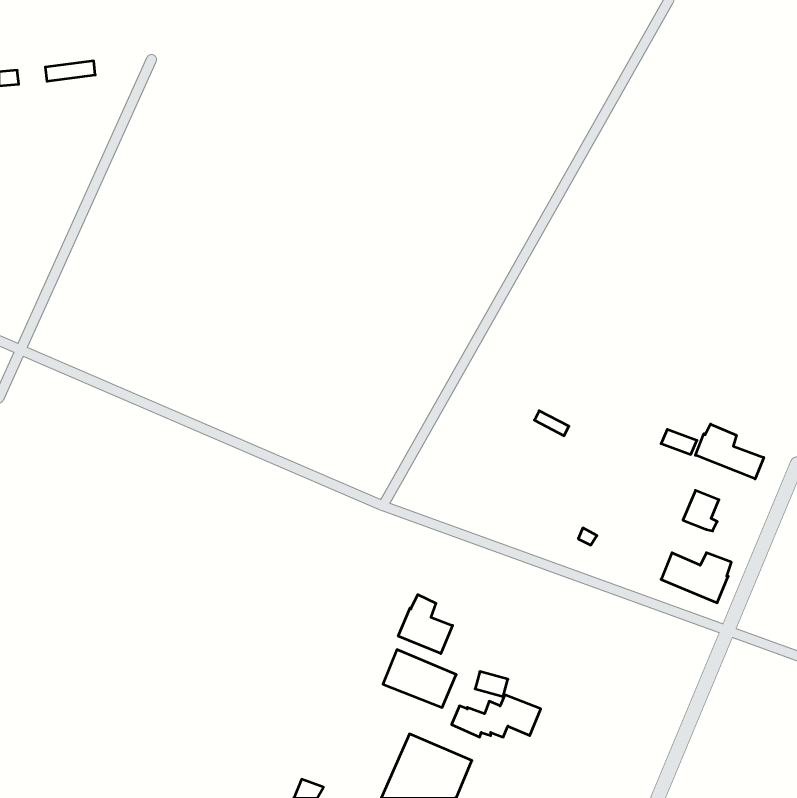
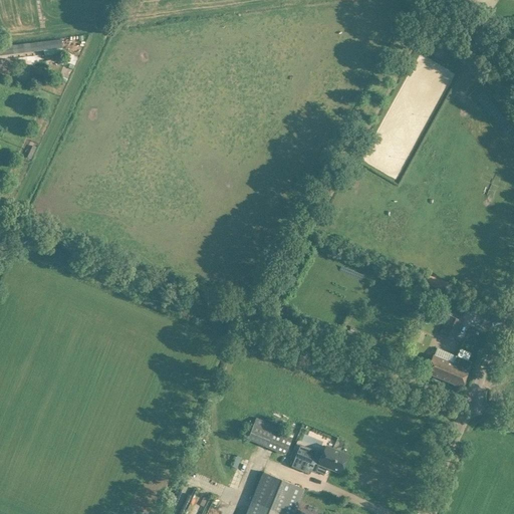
building: [695,424,764,479] -> none
building: [398,595,453,654] -> none

